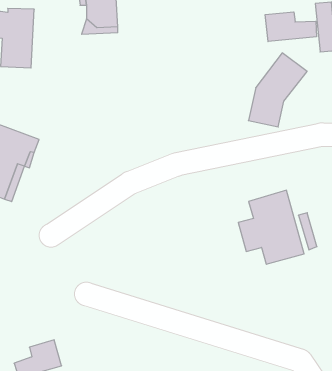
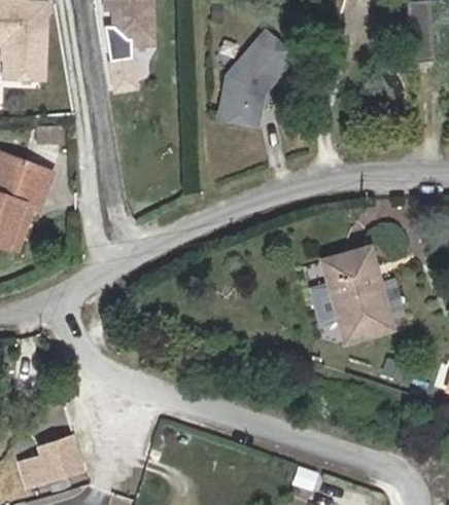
building: [265,12,316,42] -> none
building: [248,53,307,127] -> [218,28,293,122]

